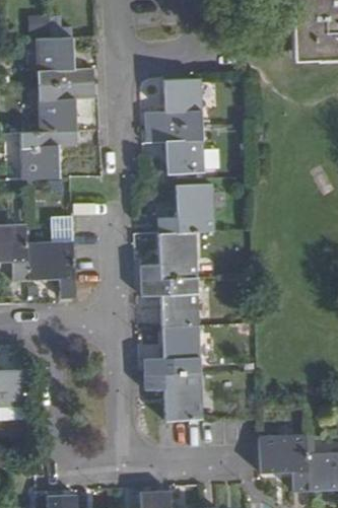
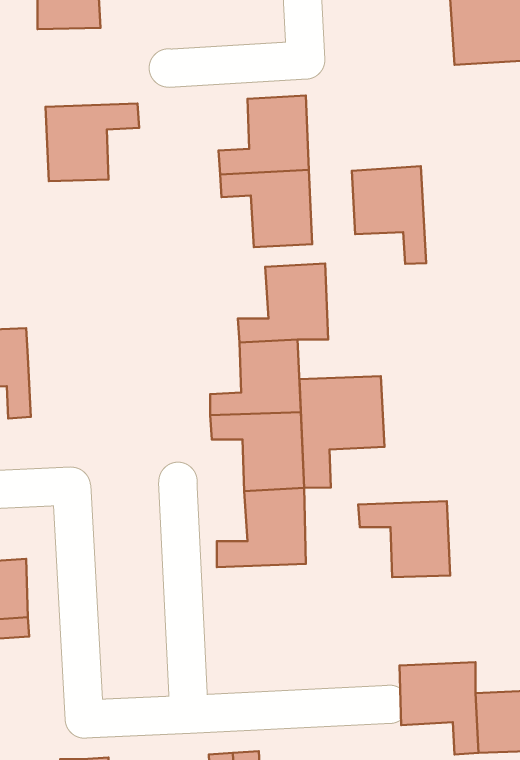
building: [33,38,93,85] -> none
building: none -> [352,166,426,264]
building: [18,131,76,179] -> none
building: [24,240,74,298] -> none
building: none -> [299,376,384,488]
building: [143,372,201,420] -> [358,501,450,577]

